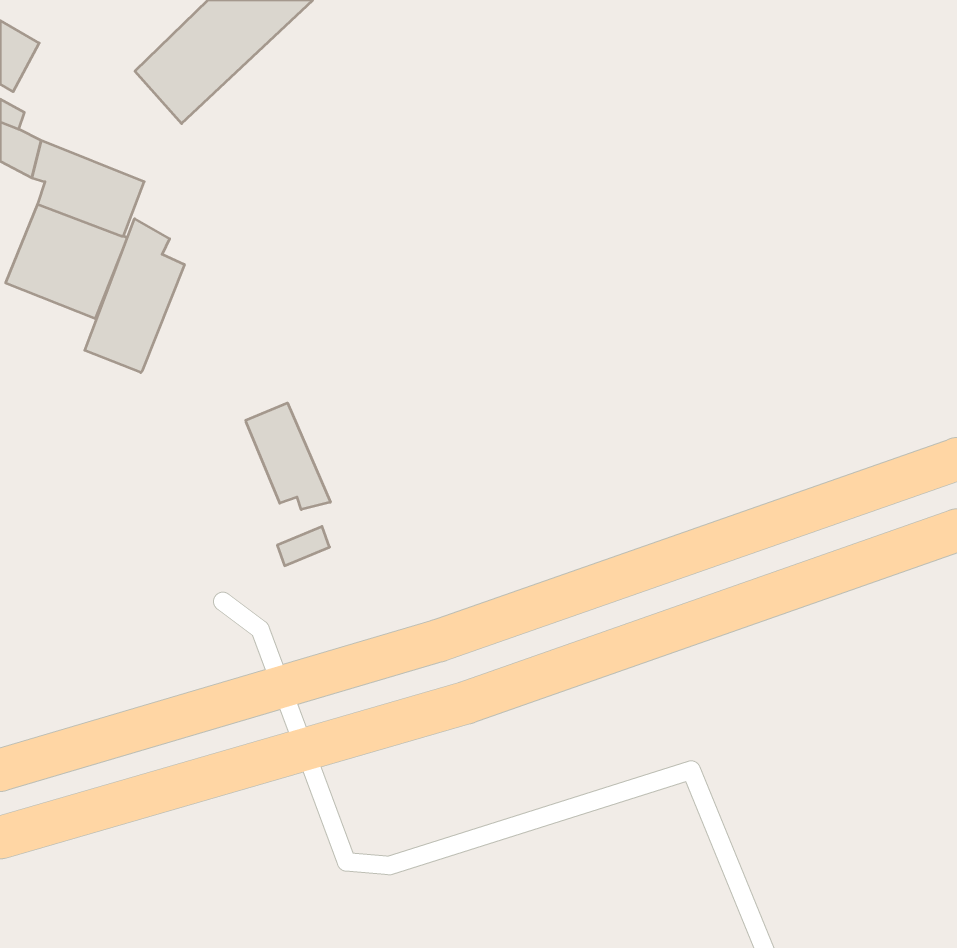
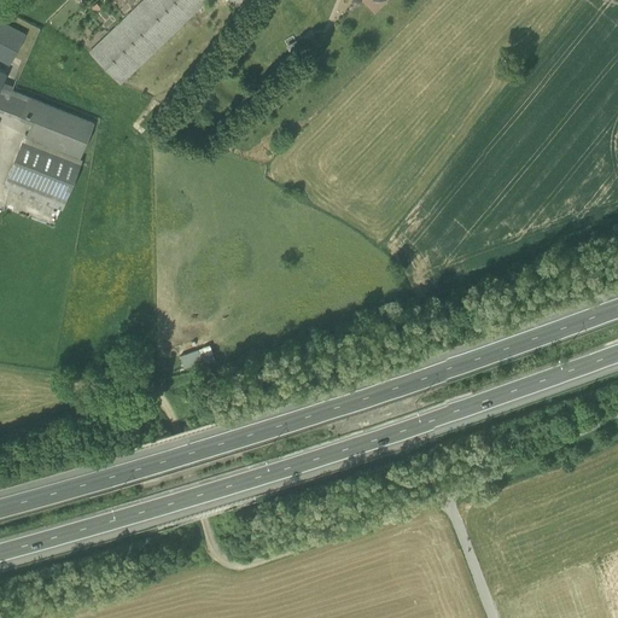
building: [85,219,184,373] -> none
building: [246,403,330,510] -> none

